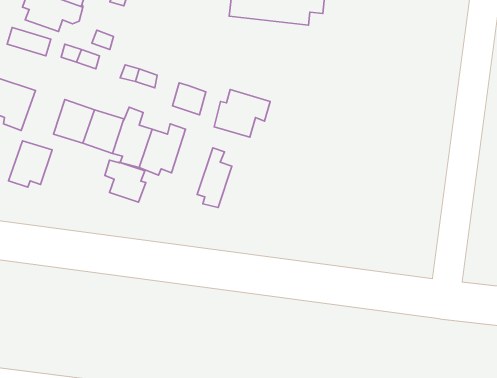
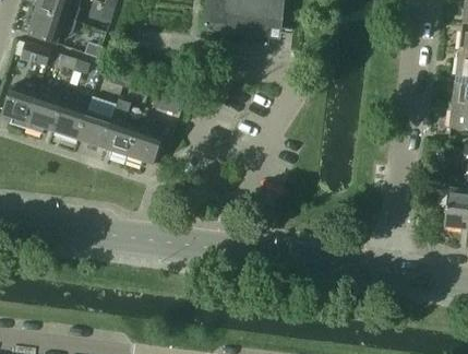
building: [214,89,270,137] -> none
building: [9,141,52,187] -> [25,94,62,133]
building: [197,148,232,208] -> none
building: [105,160,146,202] -> none

